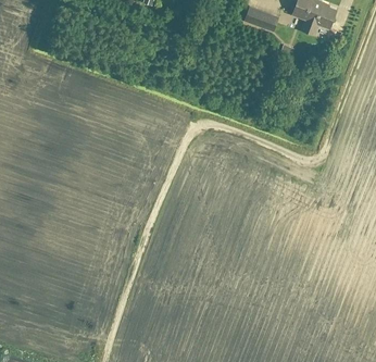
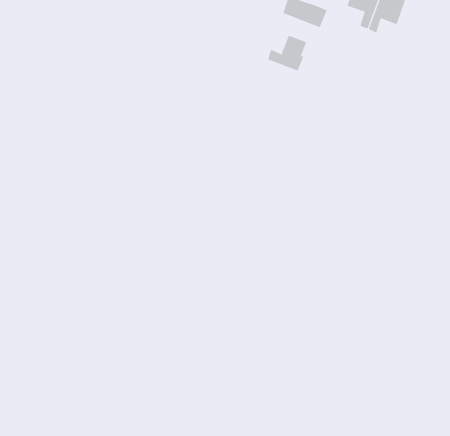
building: none -> [268,35,307,71]

